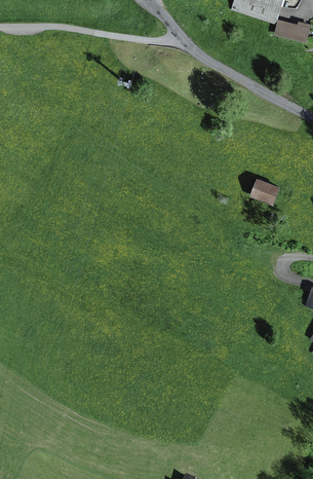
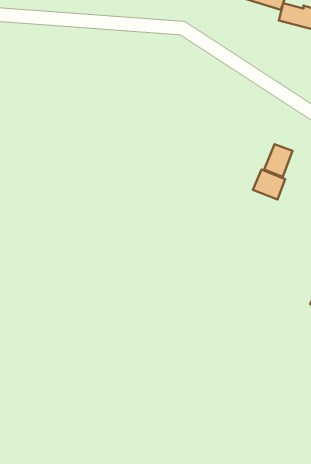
building: none -> [264,144,293,177]

